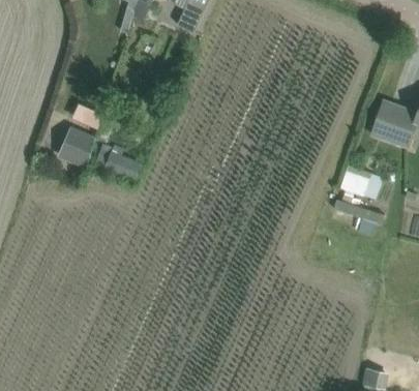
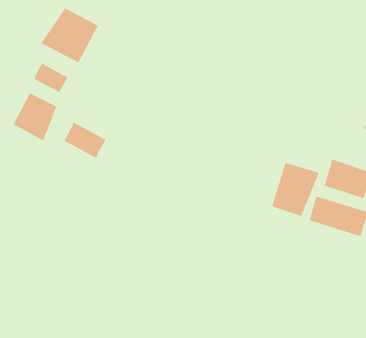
building: none -> [40,8,98,63]
building: none -> [271,162,320,217]

